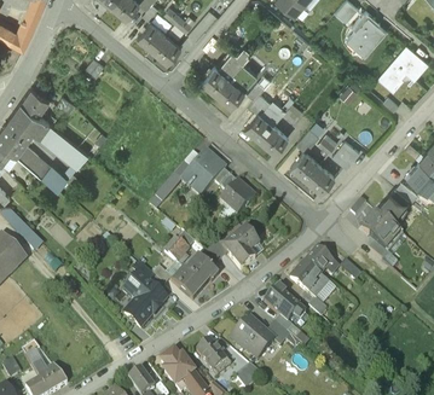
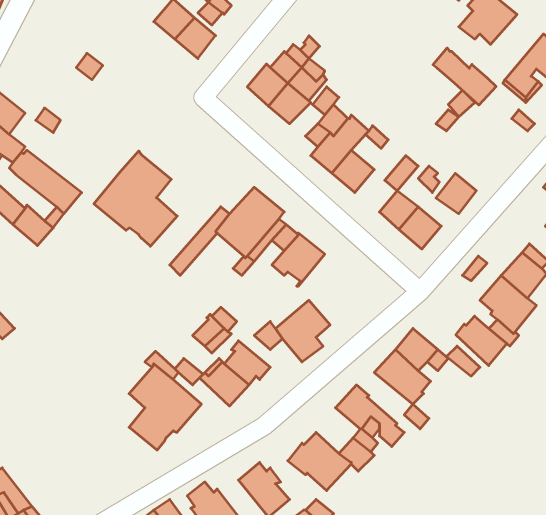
building: none -> [433,48,496,105]
building: none -> [94,151,177,246]
building: none -> [456,316,507,366]

